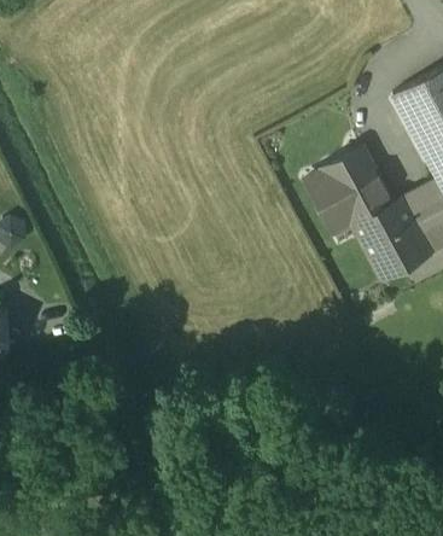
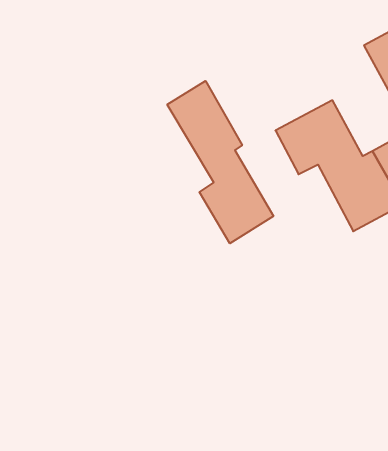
building: none -> [167,81,273,243]

